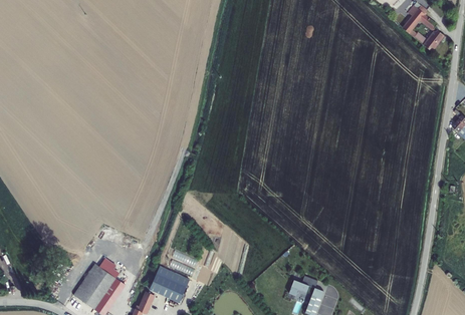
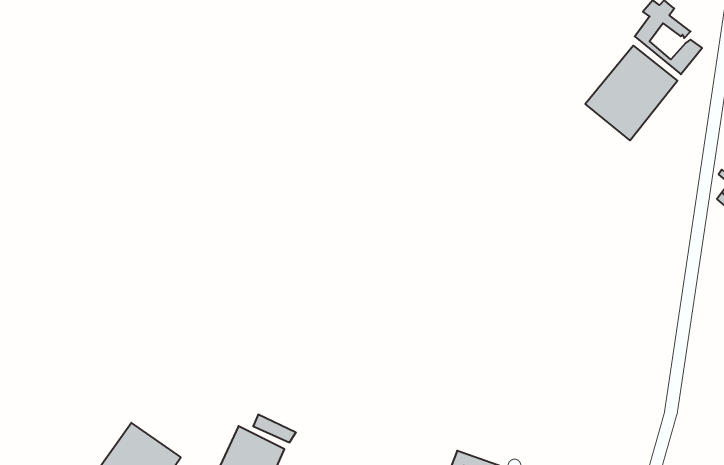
building: none -> [585,46,677,140]

